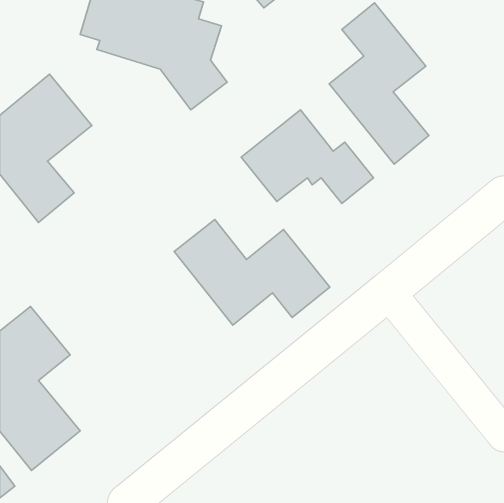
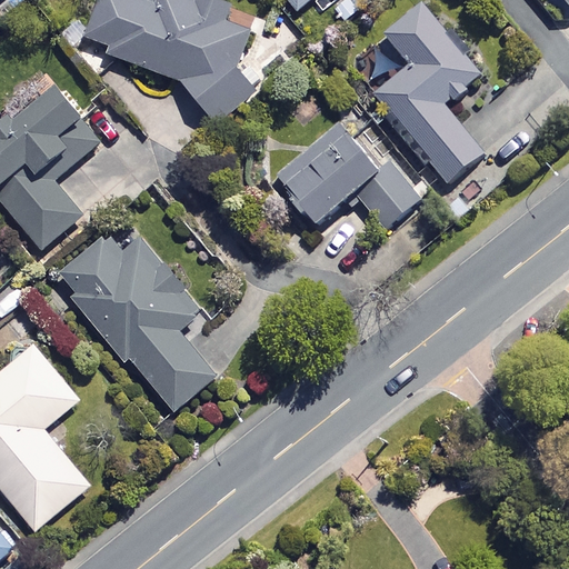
building: none -> [56,233,216,410]
building: [174,220,330,325] -> none

